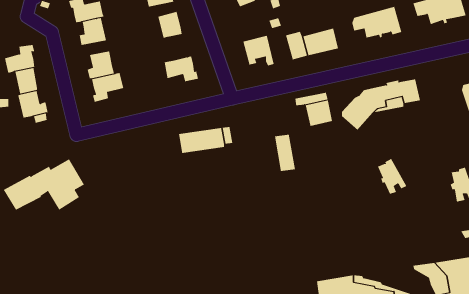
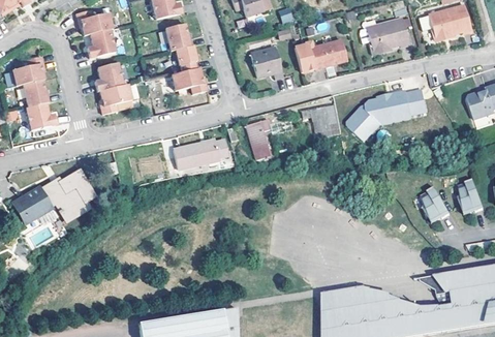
building: none -> [176,44,197,71]
building: [274,134,296,172] -> [246,122,268,159]
building: [377,158,407,194] -> [420,185,450,221]

